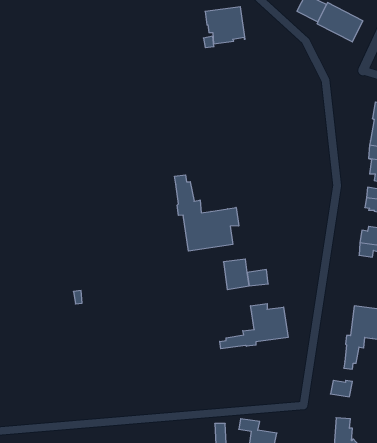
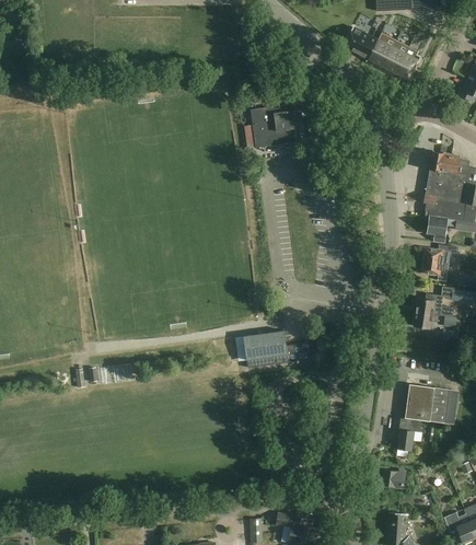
building: [205,7,245,44] -> [251,104,297,147]
building: [175,175,239,251] -> none
building: none -> [244,334,264,368]
building: [220,304,288,349] -> none

